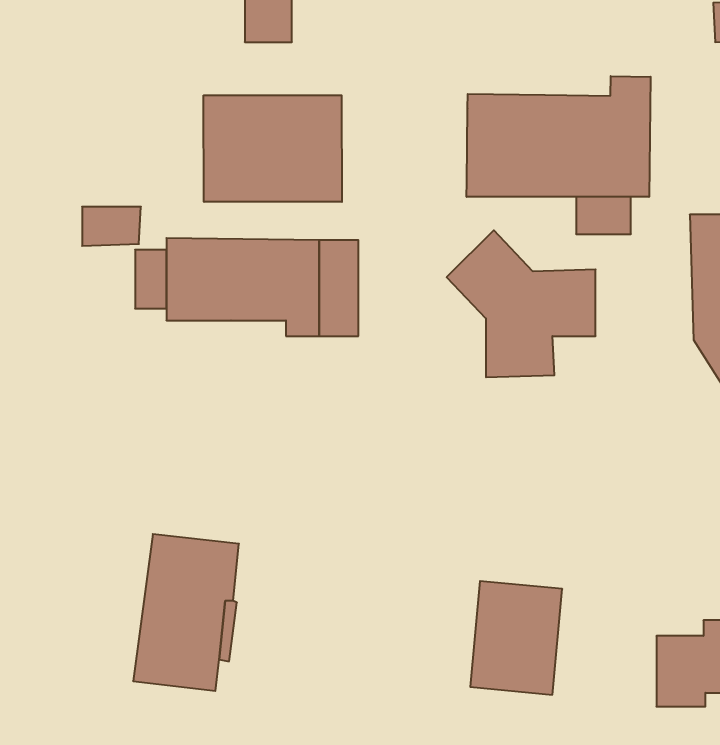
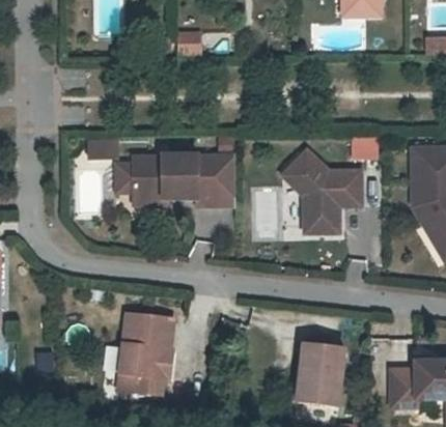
building: [467,76,651,197] -> none
building: [204,95,342,202] -> none

